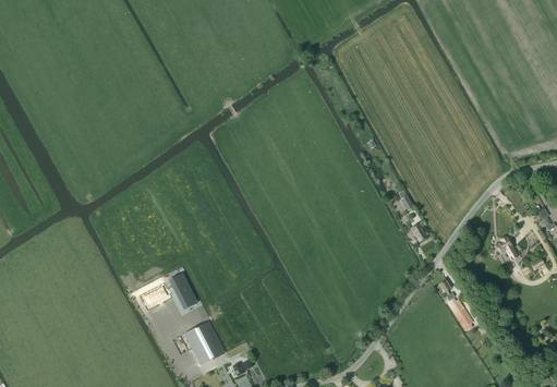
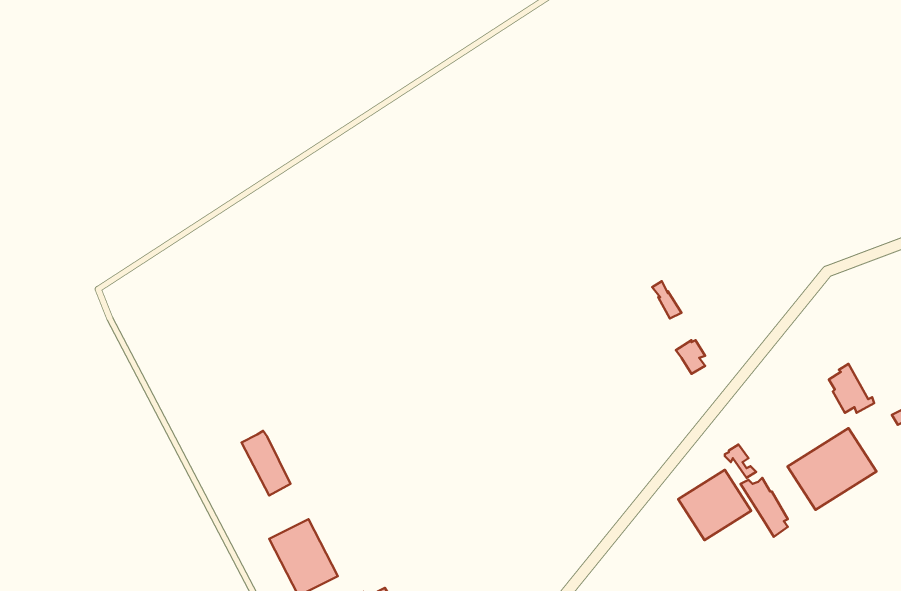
building: none -> [787,428,877,510]
building: none -> [678,470,751,540]

